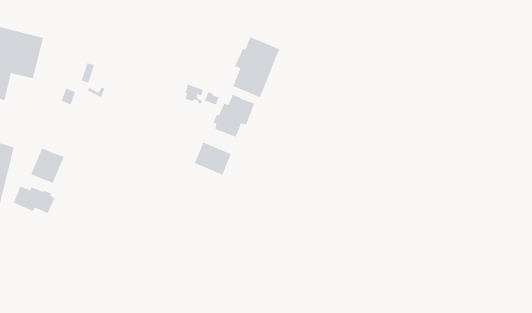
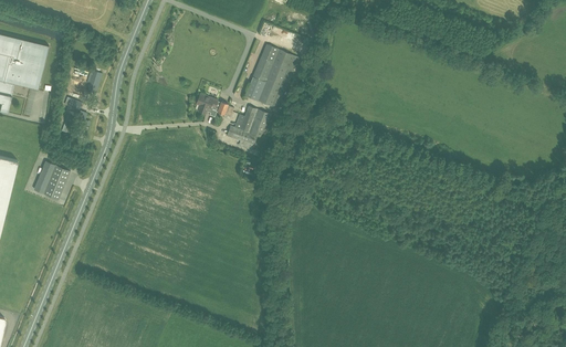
building: [194,142,232,176] -> none
building: [13,185,55,214] -> none

